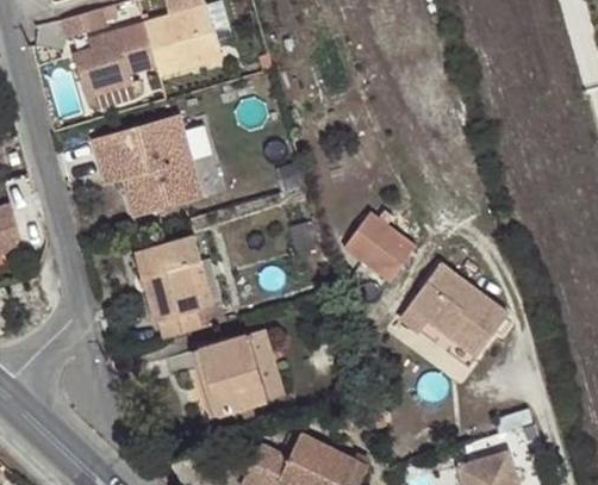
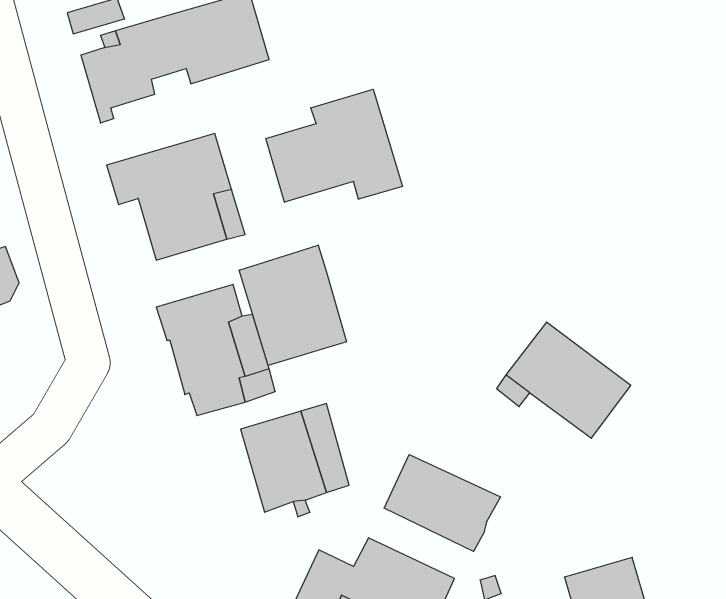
building: none -> [266,89,403,202]
building: none -> [239,245,347,365]
building: [343,213,415,281] -> none
building: none -> [384,455,501,551]

